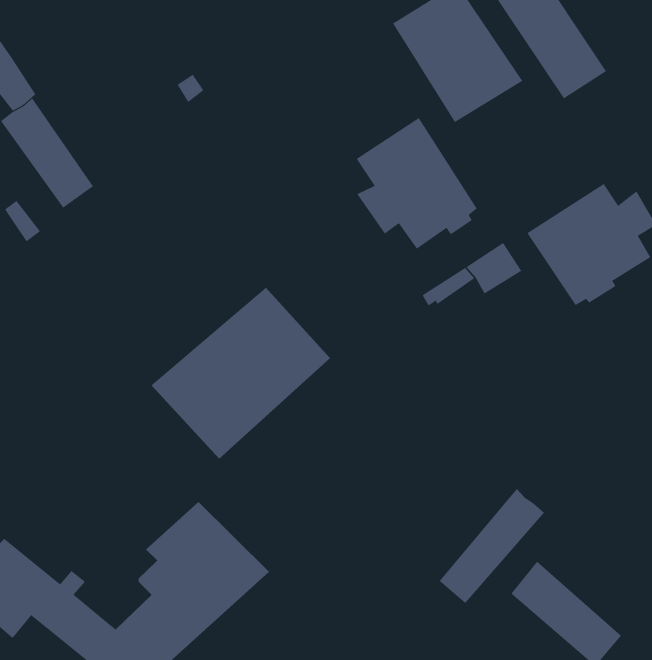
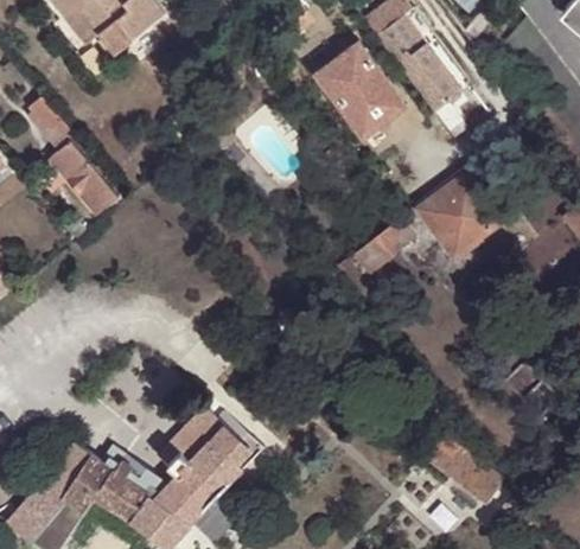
building: [356,117,478,250] -> none
building: [150,287,331,459] -> none
building: [439,488,545,604] -> none

